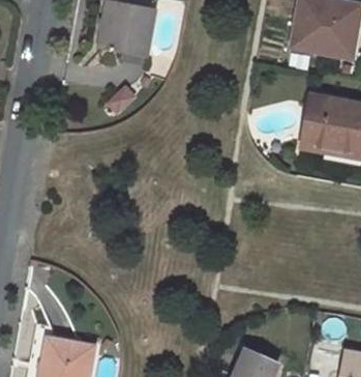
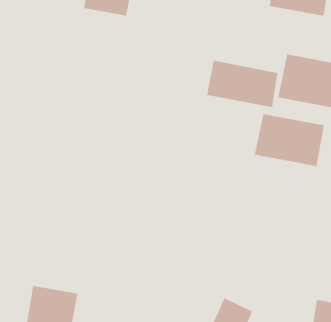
building: none -> [206,60,278,108]
building: none -> [254,113,325,167]

